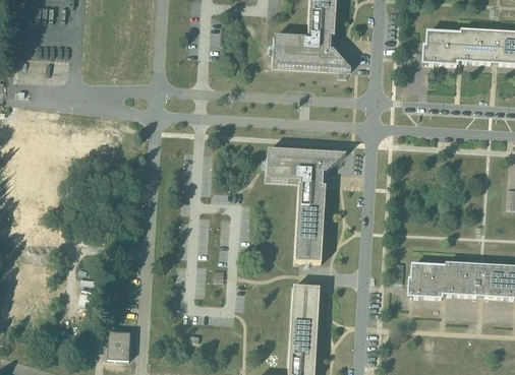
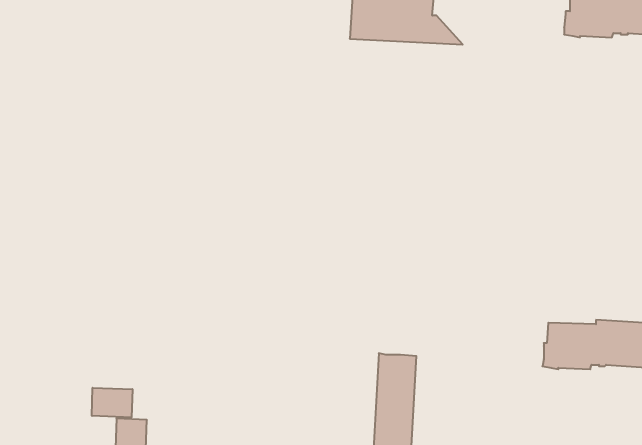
building: [266,148,346,262] -> none
building: none -> [92,388,132,417]

